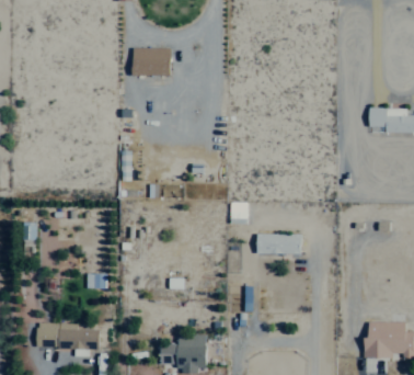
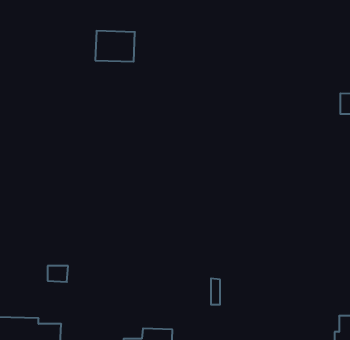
building: [256,234,301,253] -> none

